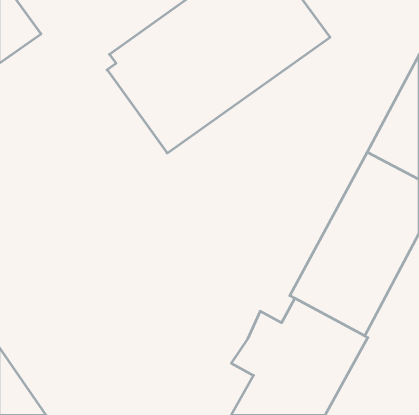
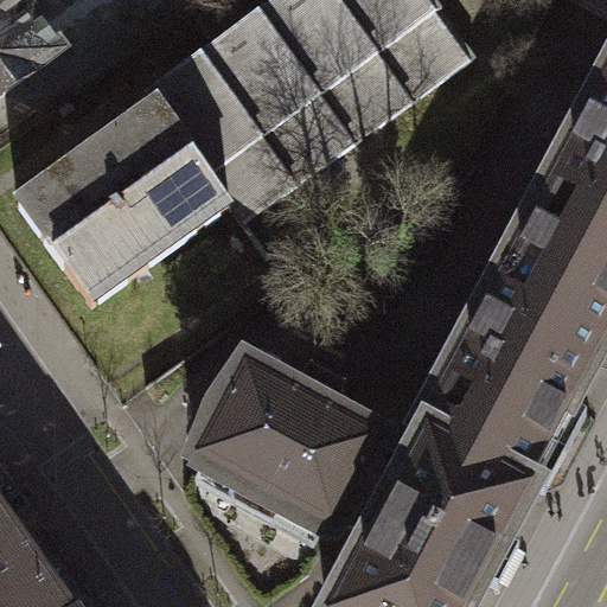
building: none -> [15,101,229,304]
building: none -> [194,363,381,528]

